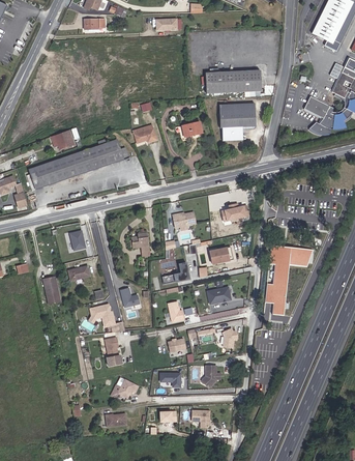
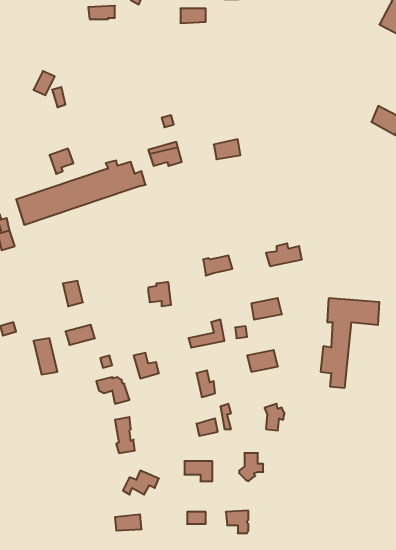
building: [205,73,262,95] -> none
building: [219,104,256,141] -> none

